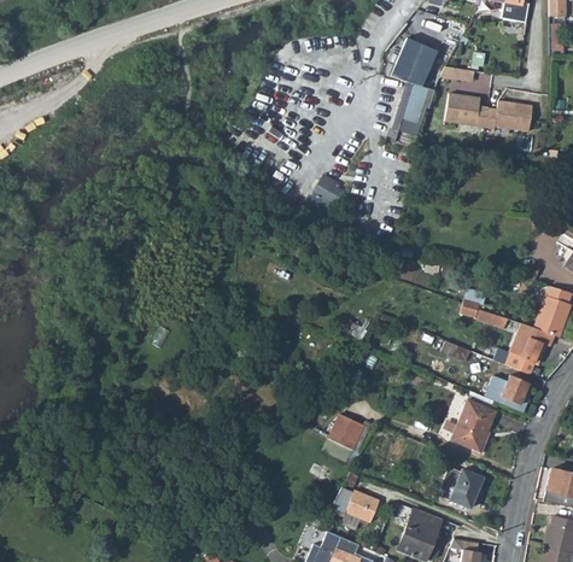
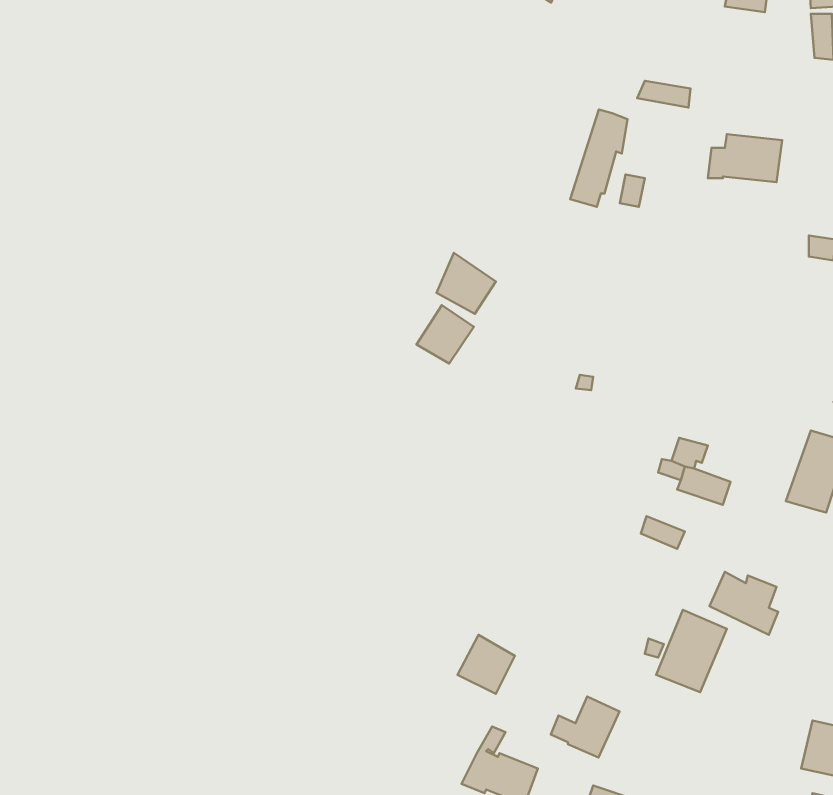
building: [393,35,439,84] -> none
building: [444,93,487,125] -> none
building: none -> [416,305,474,364]
building: [497,322,555,375] -> none
building: [440,469,484,508] -> [551,696,619,757]

